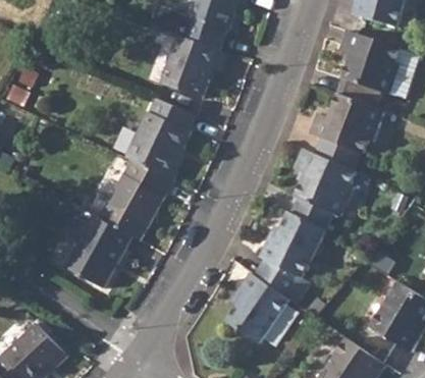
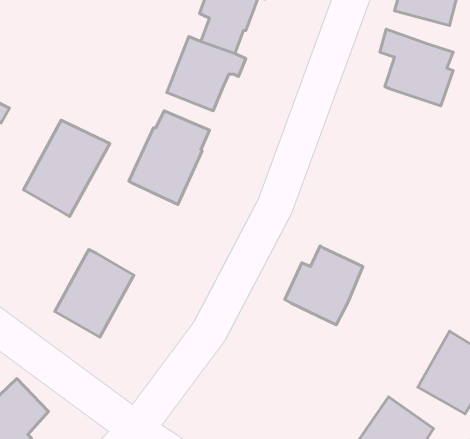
building: [309,94,384,153] -> none
building: [291,148,354,228] -> none
building: [101,159,173,239] -> [23,120,110,216]
building: [226,271,288,342] -> none

